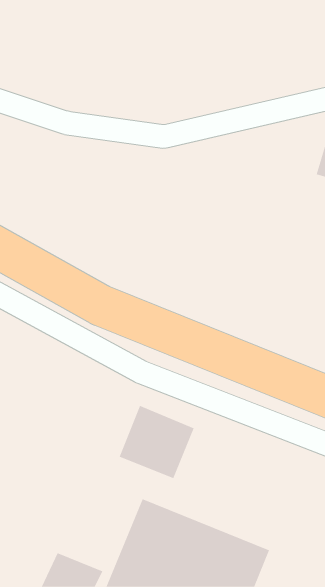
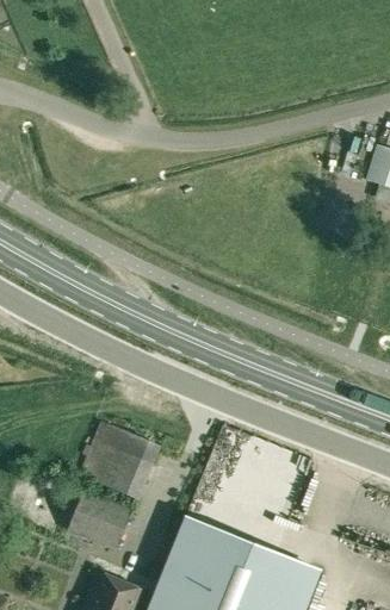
building: [119,405,195,479] -> [80,423,159,499]
building: none -> [67,491,132,550]

